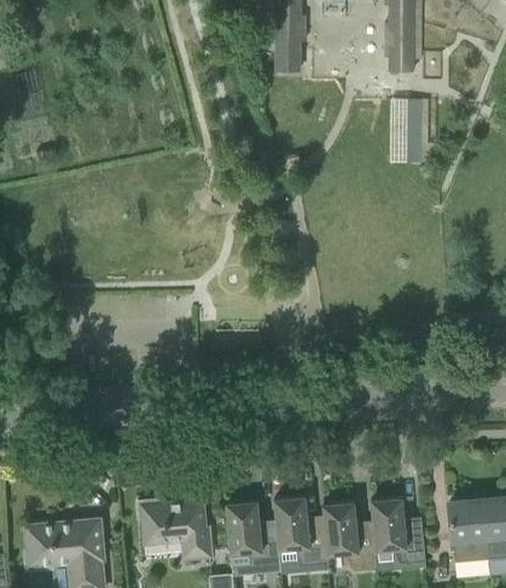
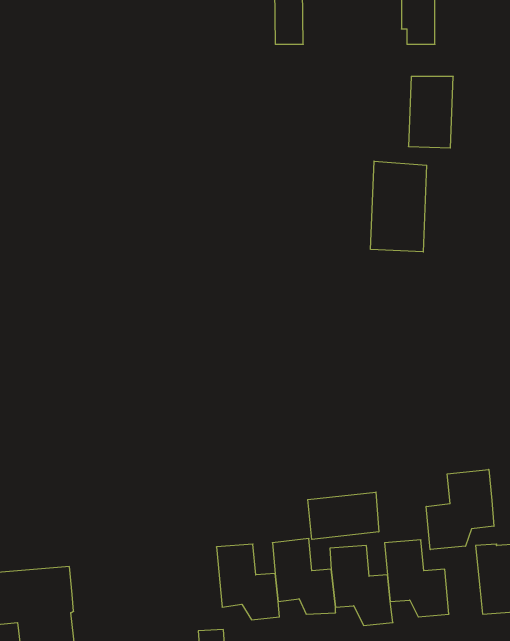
building: none -> [371,161,427,252]
building: none -> [426,469,494,550]
building: none -> [308,492,379,539]
building: [136,497,213,559] -> none

